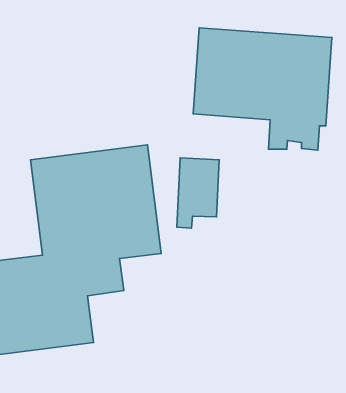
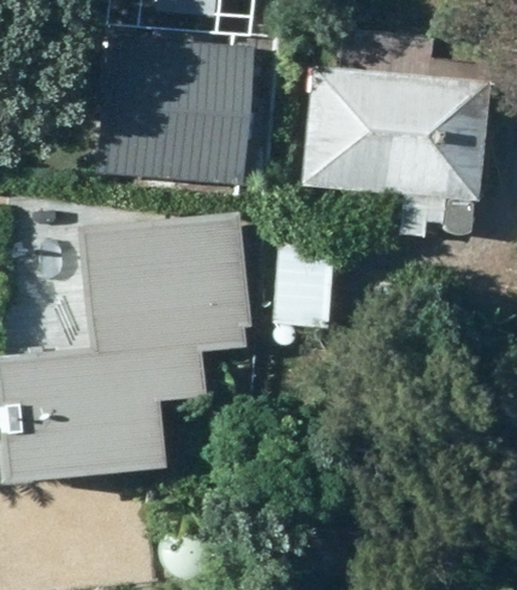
building: none -> [103,31,256,174]

